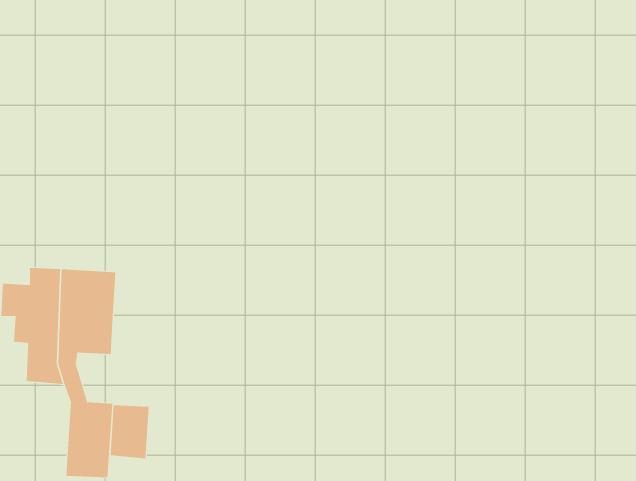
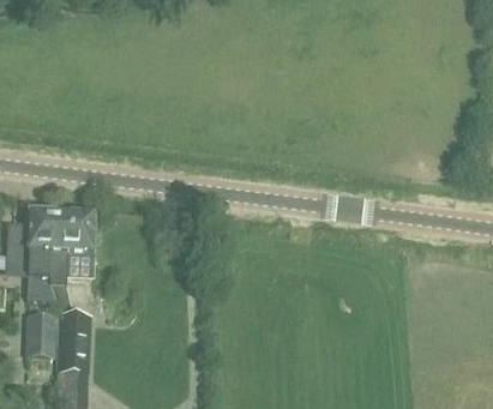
building: [110,405,149,459] -> [25,318,55,359]

